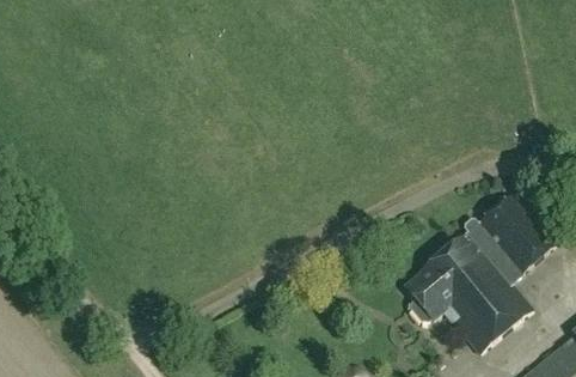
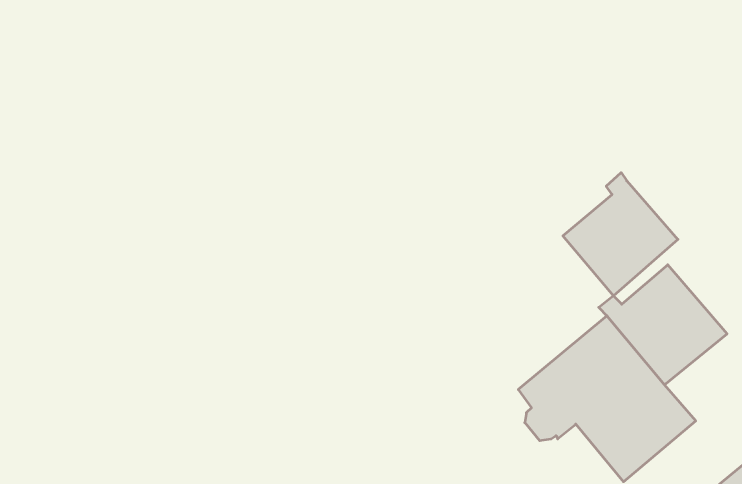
building: none -> [563,173,678,296]

